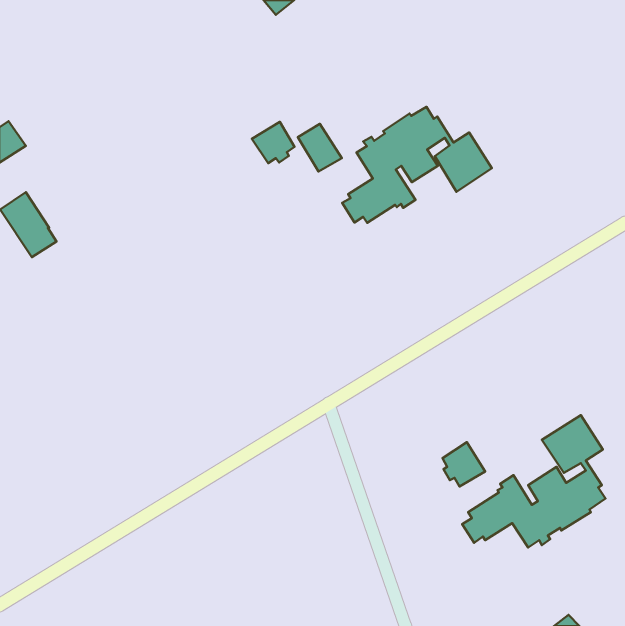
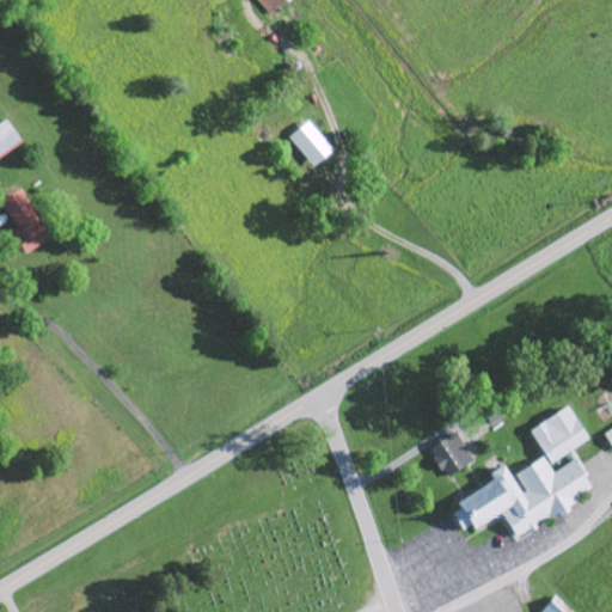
building: [342,107,492,223] -> none
building: [252,122,294,163] -> none

